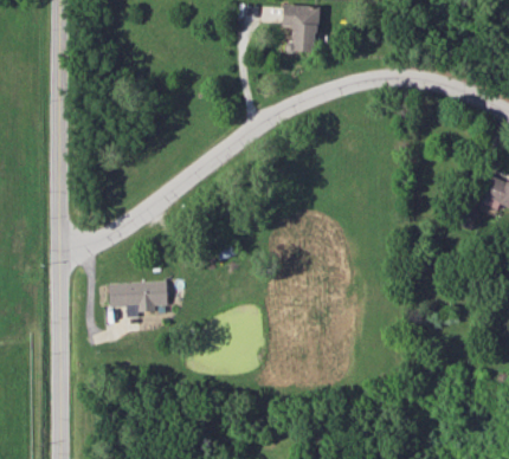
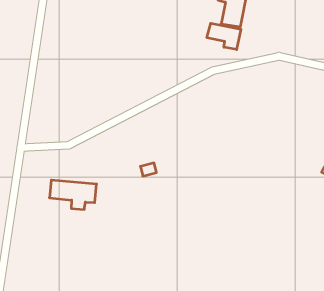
building: none -> [207,23,241,50]

